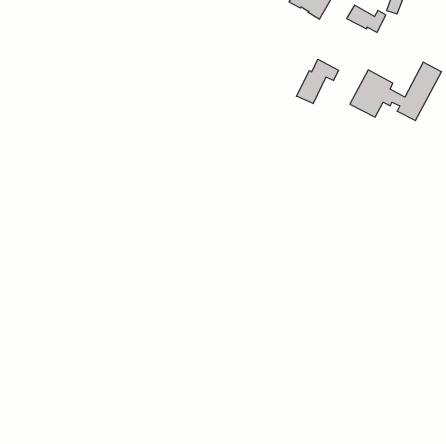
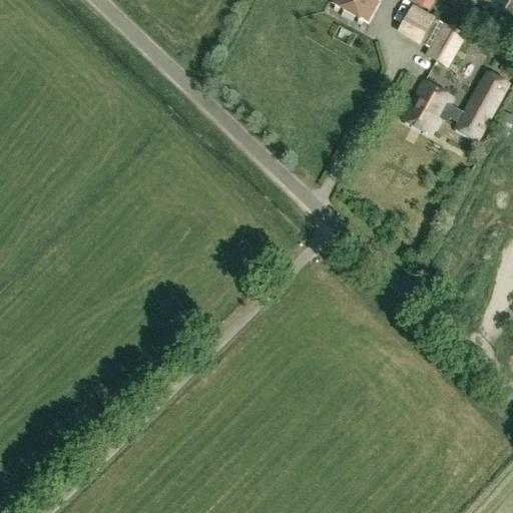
building: none -> [425,21,464,66]
building: [296,59,339,104] -> none

